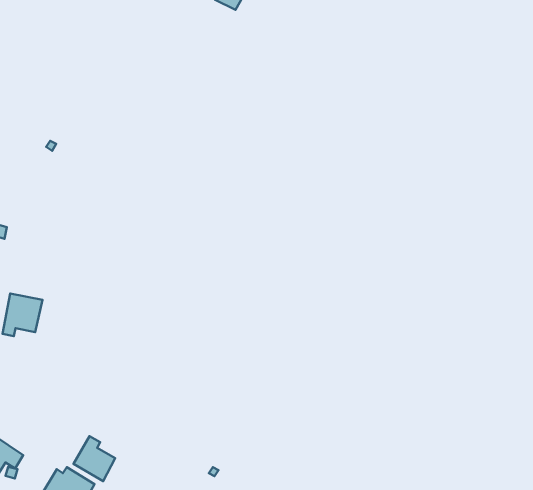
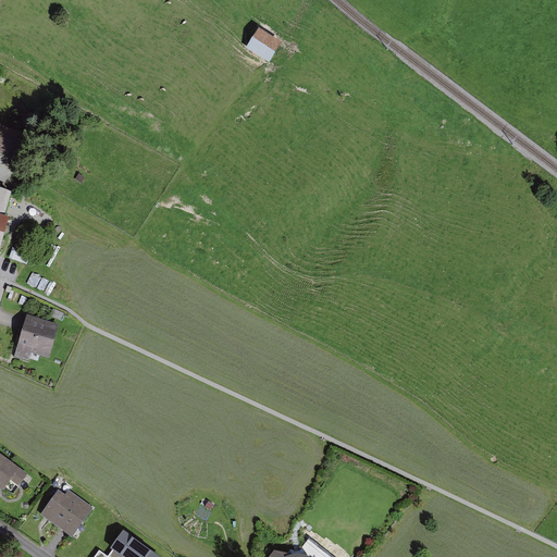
building: [73,436,115,481] -> none

